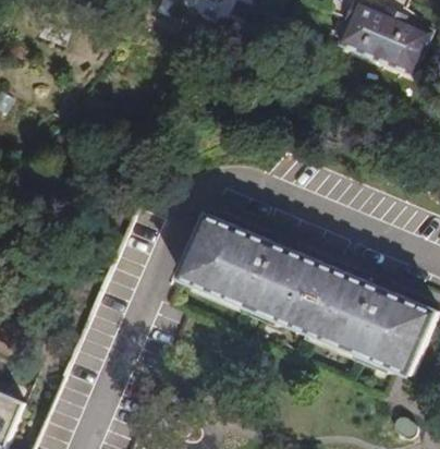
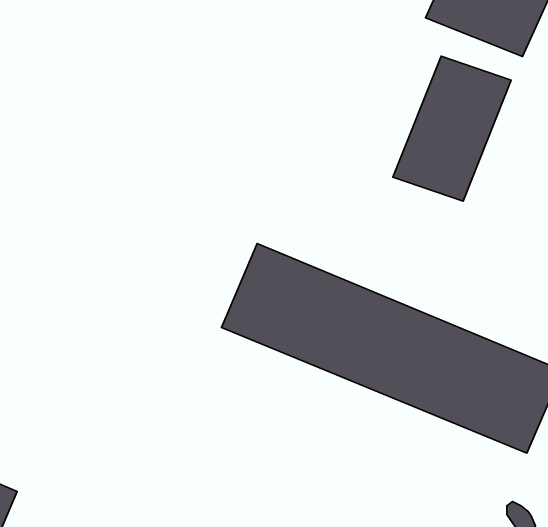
building: none -> [393,56,511,201]

